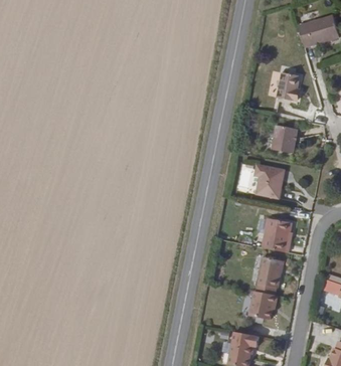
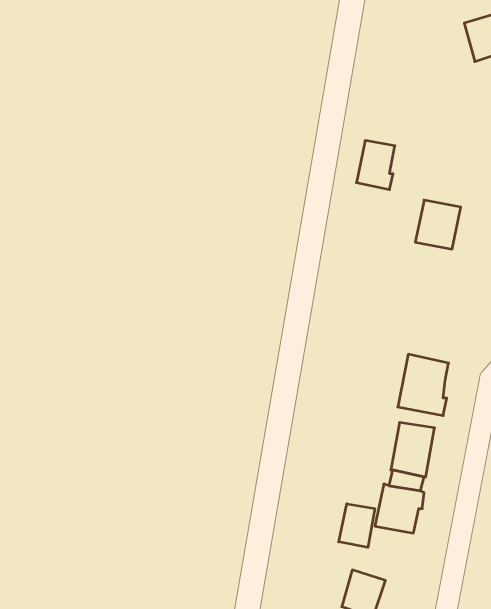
building: [278,73,300,102] -> [356,141,395,190]
building: [253,164,282,198] -> none
building: none -> [339,504,375,547]

